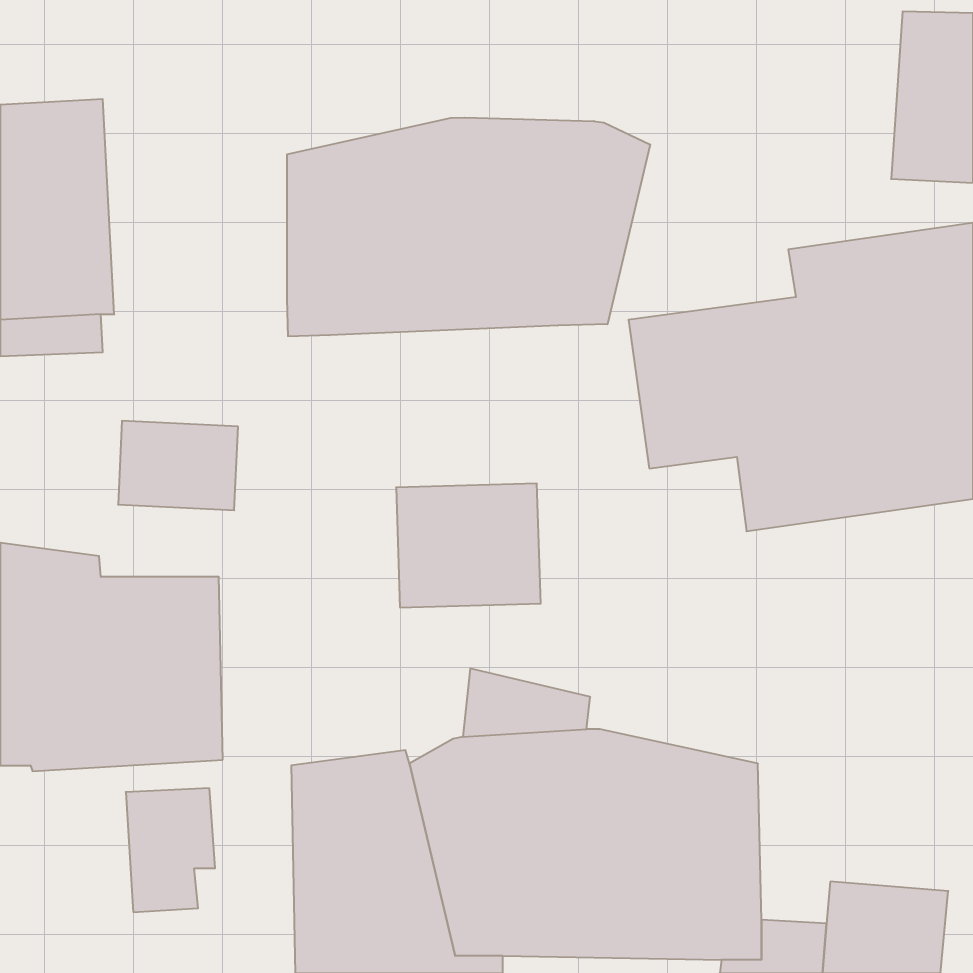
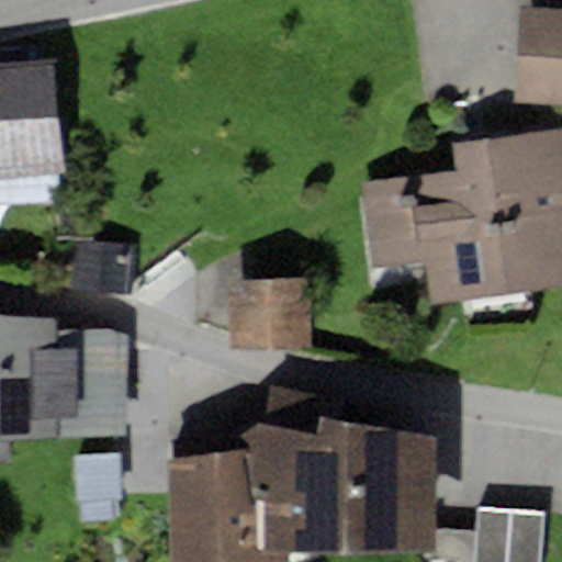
building: [287,118,650,336] -> none

